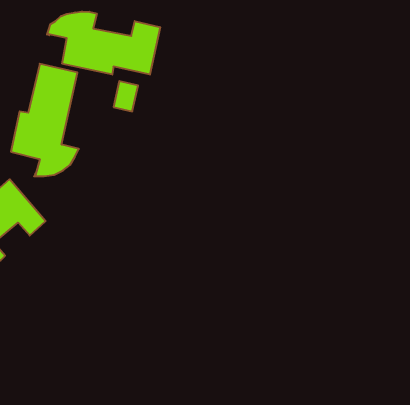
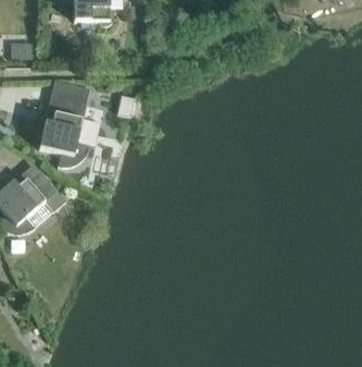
building: [47,11,160,75] -> none

